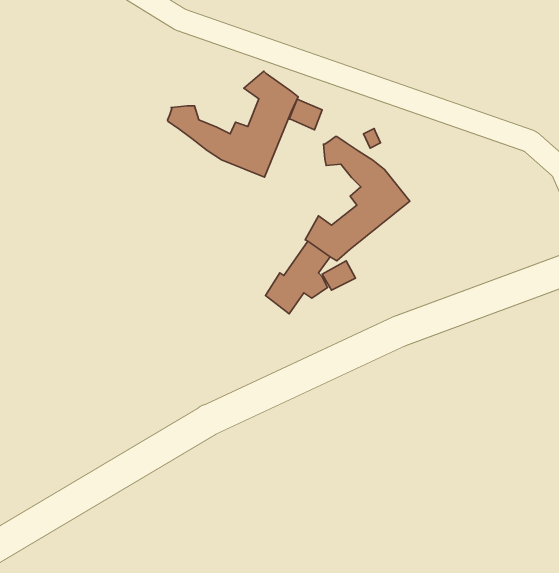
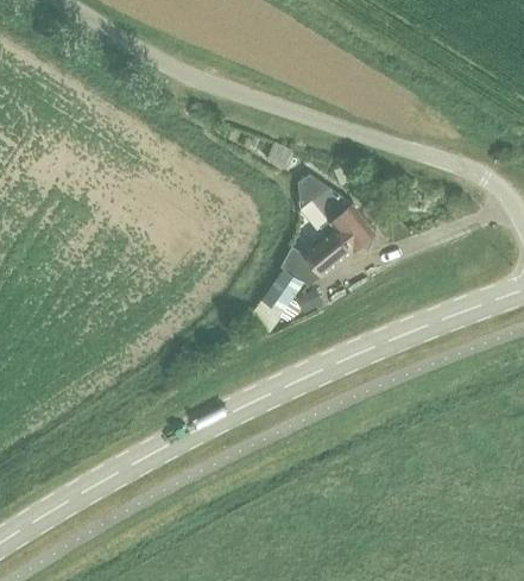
building: [168,71,298,177] -> none

